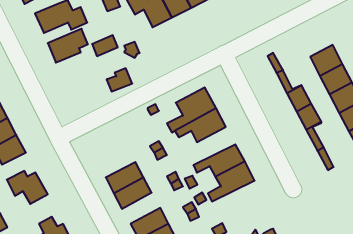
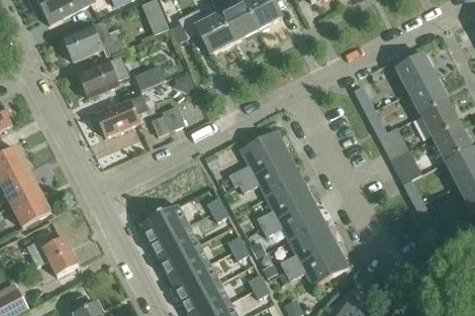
building: none -> [395,54,437,92]
building: none -> [96,94,150,136]
building: none -> [257,180,314,228]
building: none -> [140,205,189,243]
building: none -> [285,247,350,287]
building: none -> [172,262,220,302]

